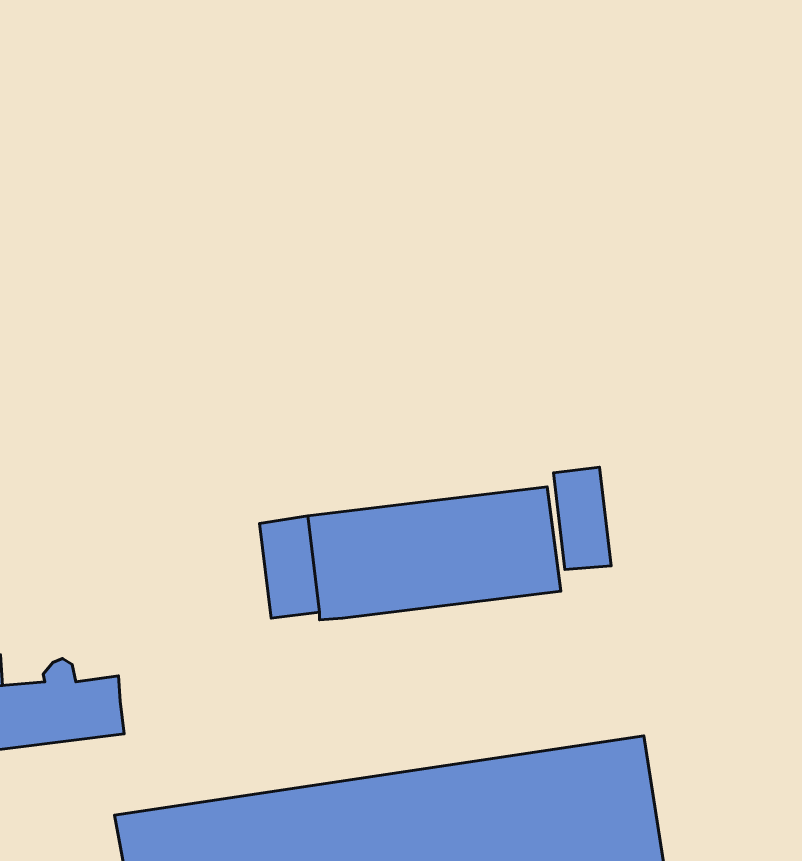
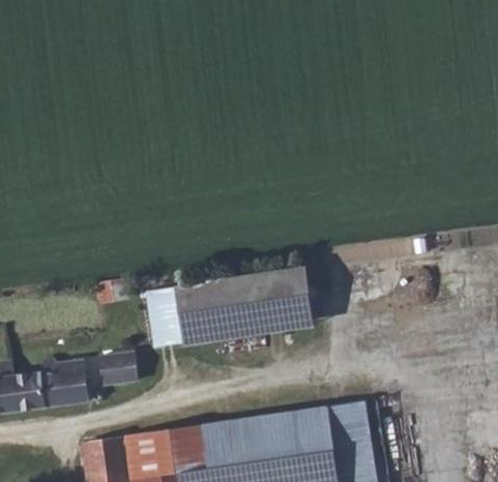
building: [553,467,611,569] -> none
building: none -> [97,355,134,386]

